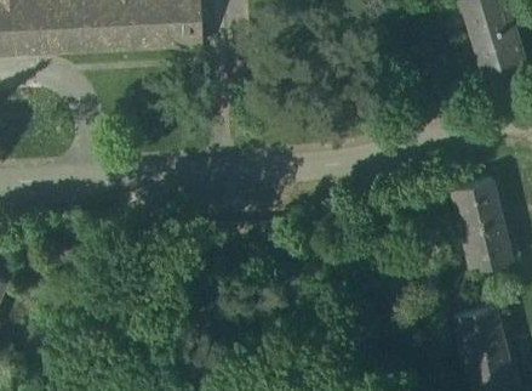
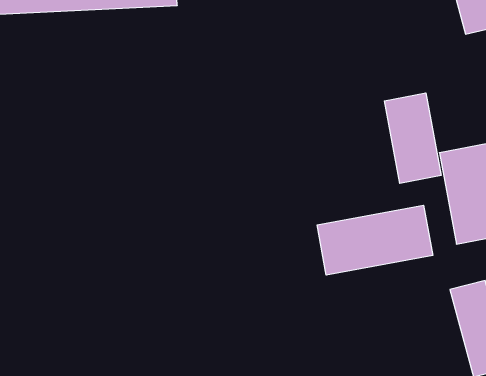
building: none -> [384,93,441,183]
building: none -> [317,205,433,275]

